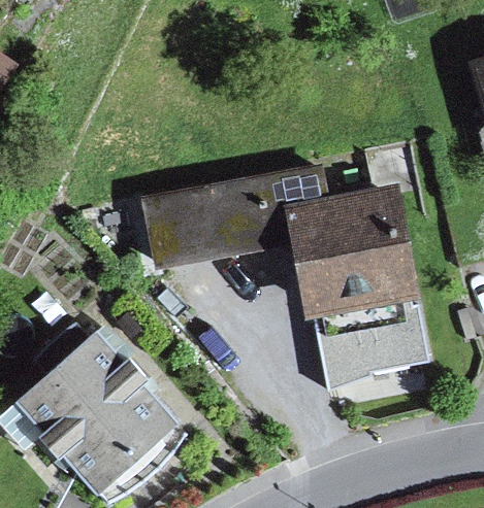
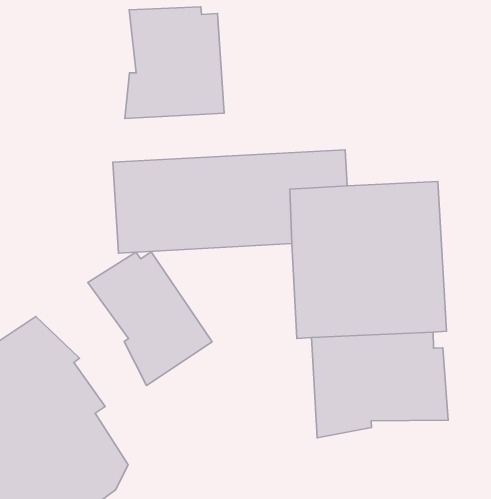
building: none -> [125,7,224,118]
building: none -> [88,252,212,386]

